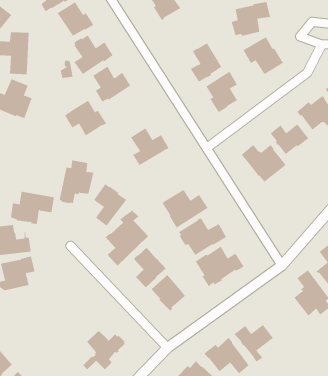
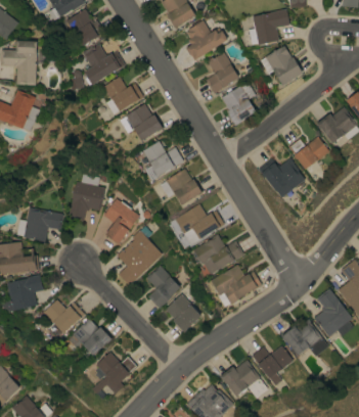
building: none -> [185,19,227,60]
building: [64,100,107,136] -> [119,103,164,141]
building: none -> [160,168,203,205]
building: none -> [43,298,85,333]
building: none -> [69,318,111,356]
building: none -> [281,318,328,356]

